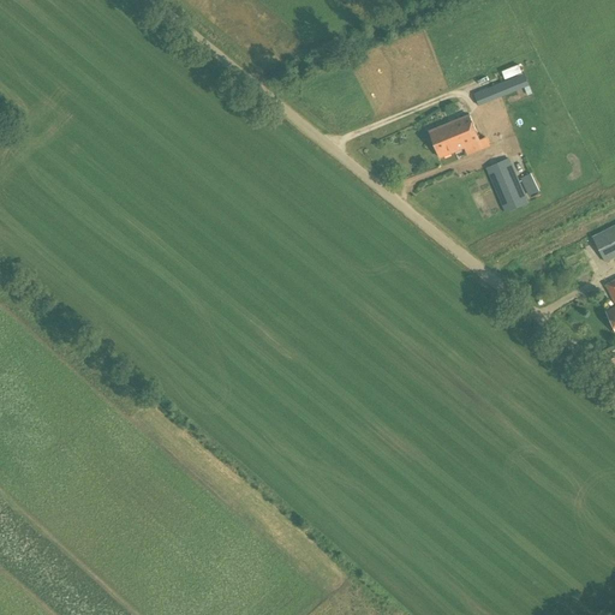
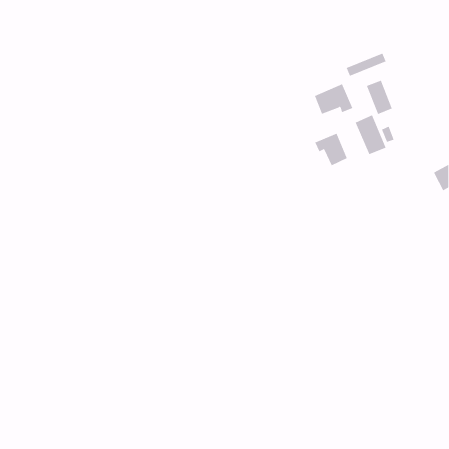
building: none -> [366,80,393,115]
building: none -> [315,133,348,166]

